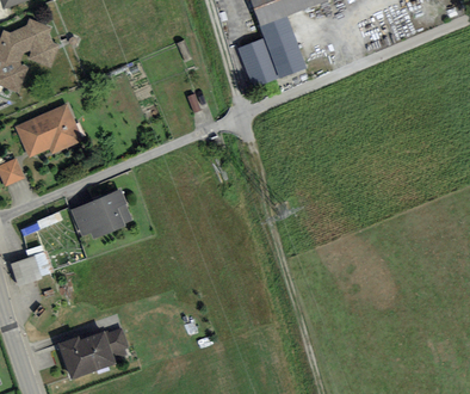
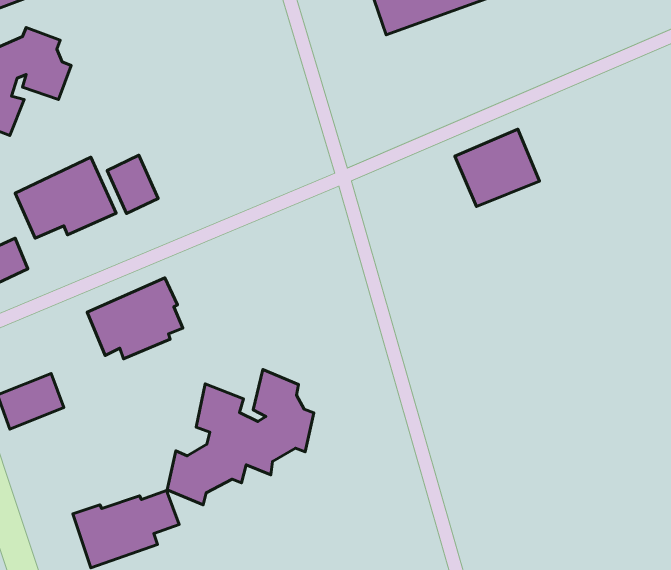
building: [247,32,303,84] -> [455,129,539,206]
building: none -> [107,155,158,214]
building: none -> [167,369,314,505]

